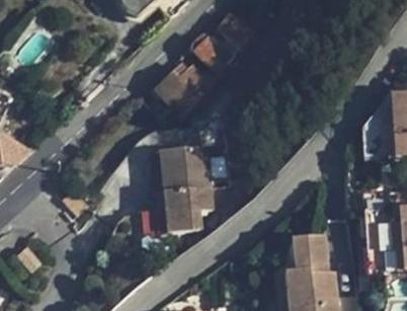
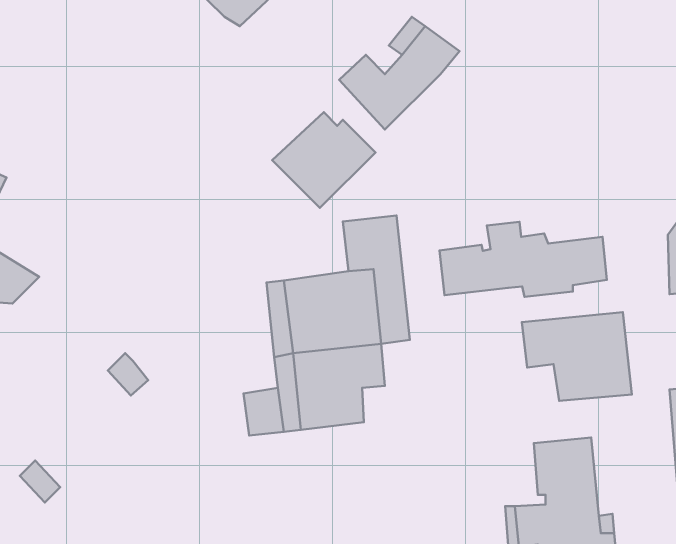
building: none -> [440,222,607,297]
building: none -> [522,312,632,401]

